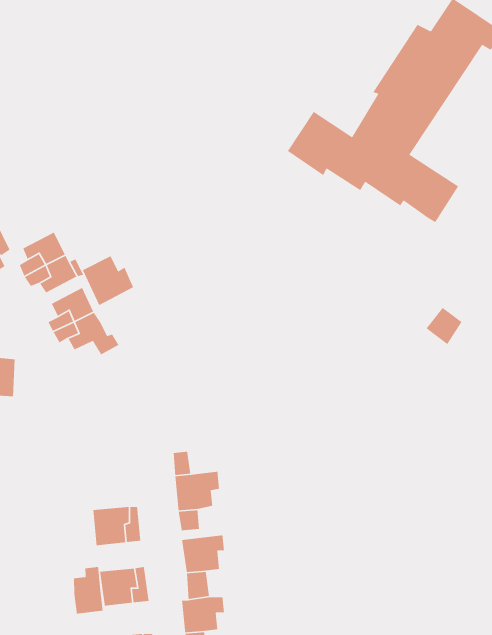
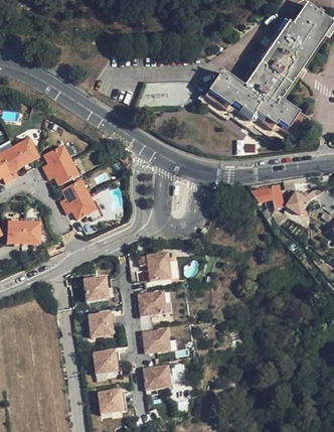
building: [82,255,134,306] -> none
building: none -> [255,184,285,206]
building: none -> [137,251,169,278]
building: none -> [82,274,107,299]
building: [73,566,103,614] -> none

